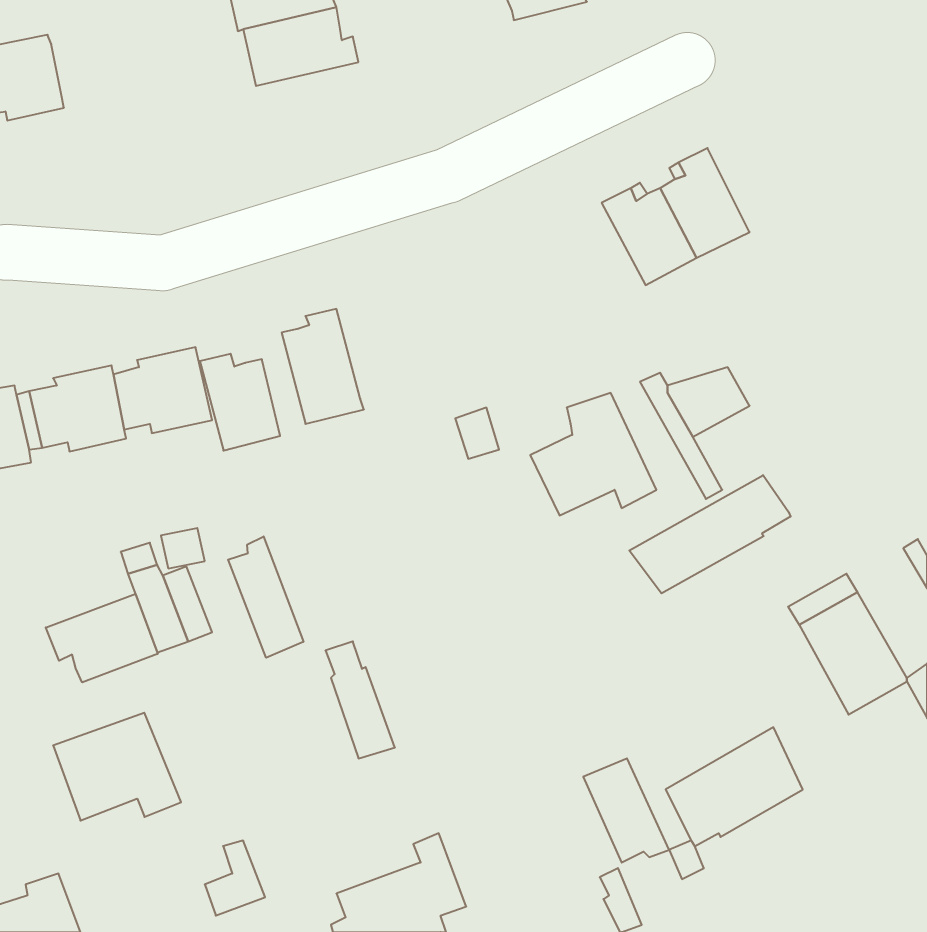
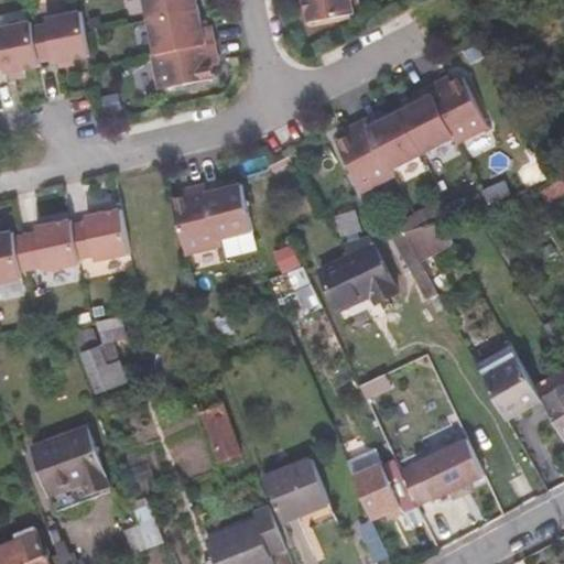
building: none -> [31,10,89,62]
building: none -> [151,37,220,87]
building: none -> [426,79,486,145]
building: none -> [335,122,392,194]
building: [200,354,280,451] -> [203,182,251,240]
building: [629,475,791,593] -> none
building: [228,536,303,658] -> none
building: [46,594,158,682] -> none
building: none -> [263,460,334,527]

